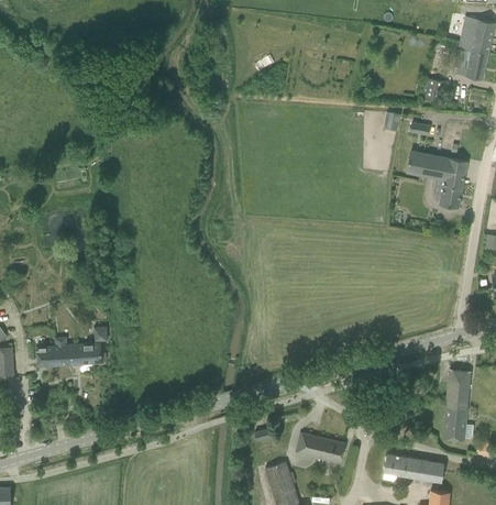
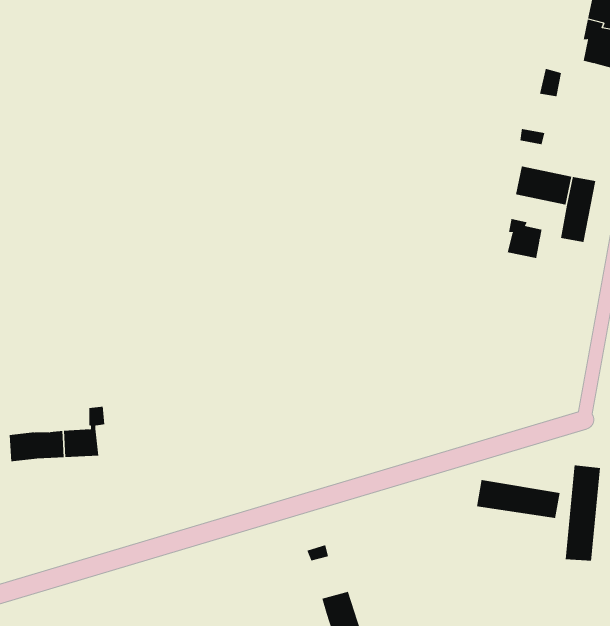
building: none -> [507,218,542,259]
building: [295,432,345,462] -> none
building: [383,453,444,482] -> [476,479,560,518]

